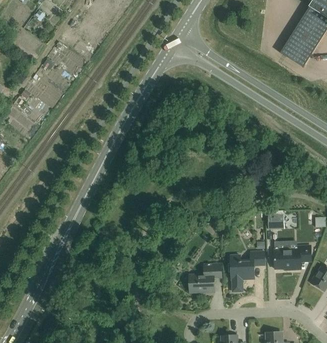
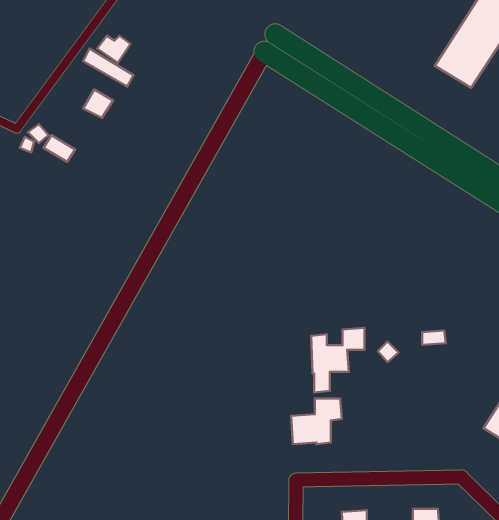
building: [273,246,310,270] -> none
building: [229,251,263,292] -> [311,328,365,392]

